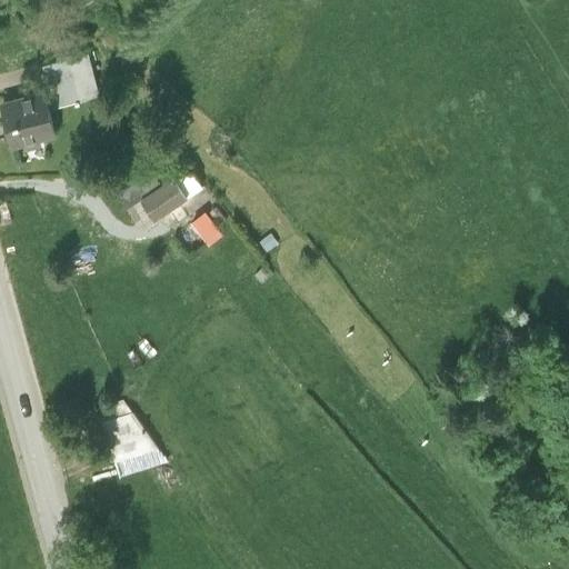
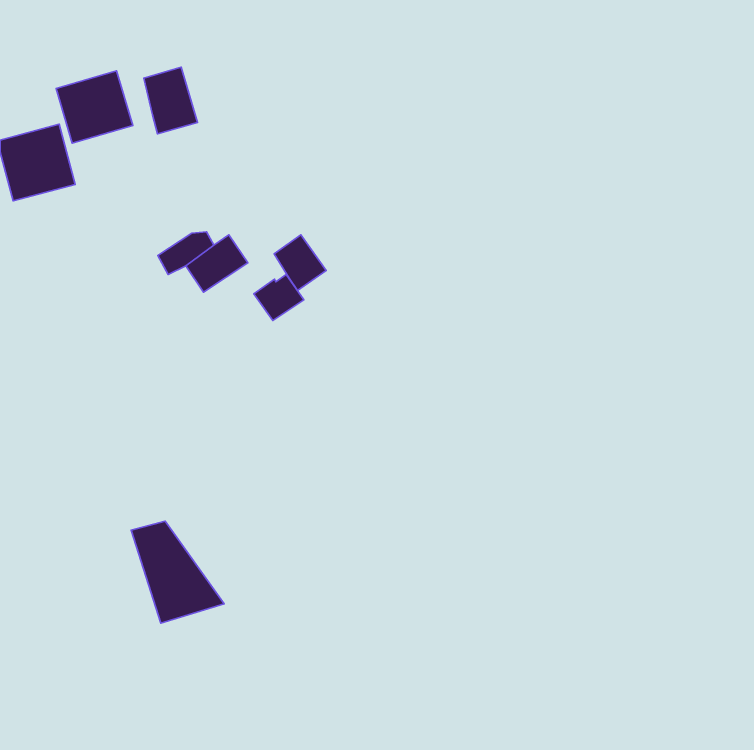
building: none -> [144,67,197,134]
building: none -> [274,235,326,290]

